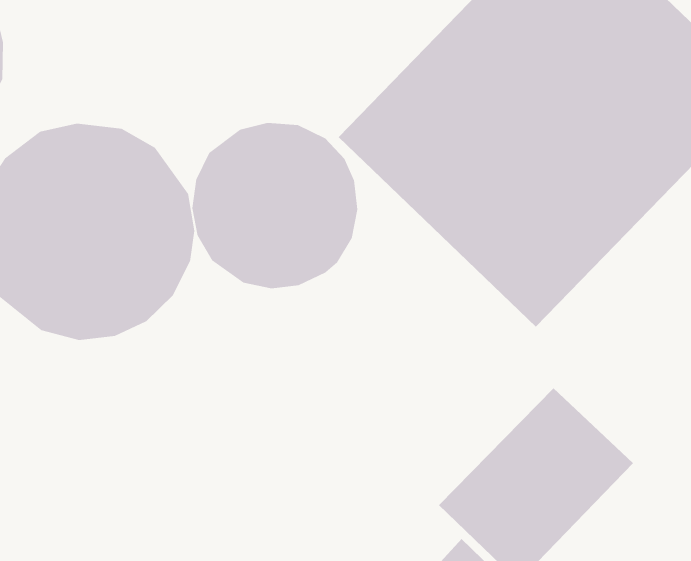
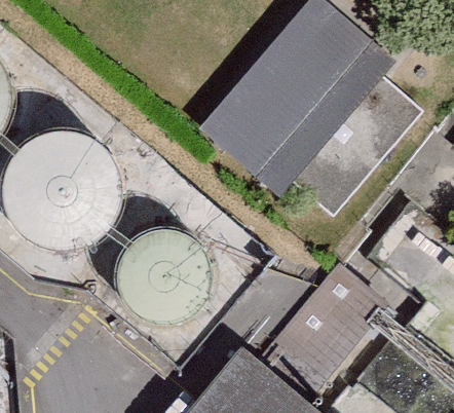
building: [192,122,358,289] -> [119,234,213,328]

